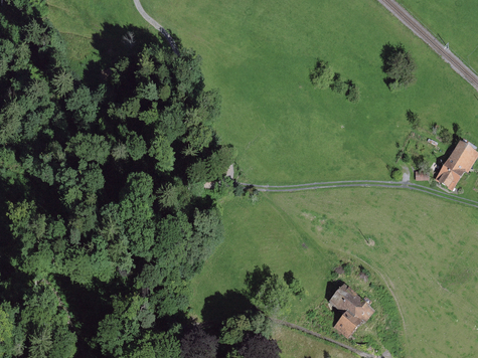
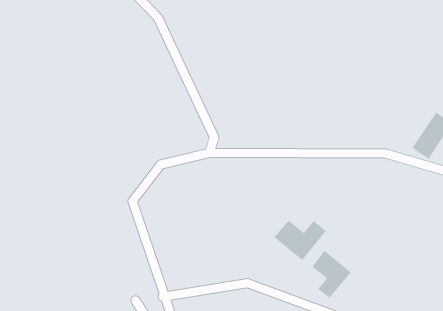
building: none -> [274,220,326,261]

